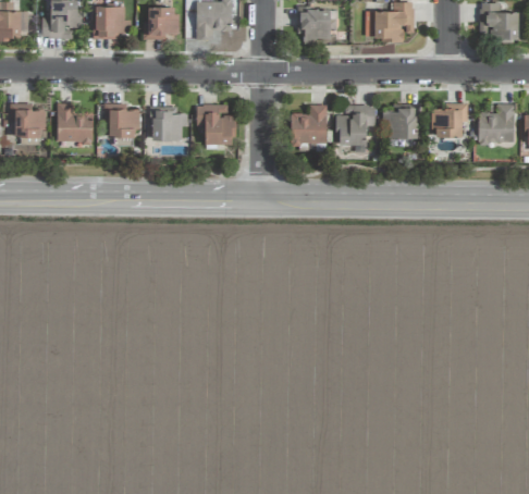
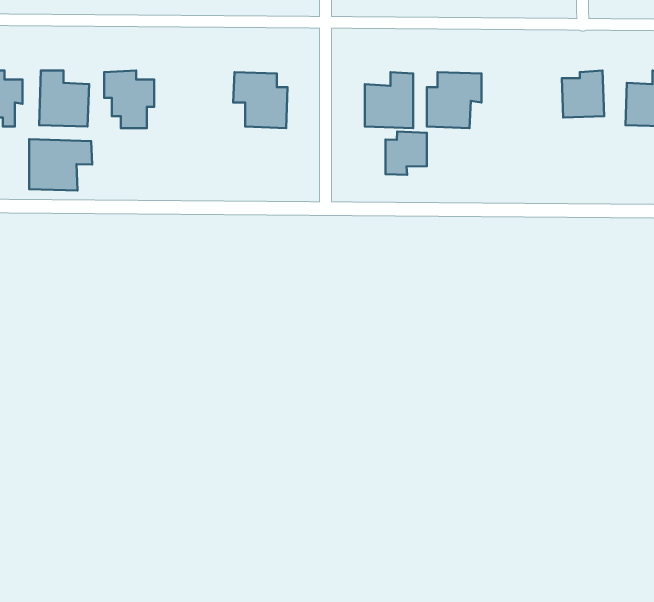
building: [389,106,418,138] -> none
building: [152,110,188,139] -> none
building: none -> [385,132,427,175]
building: none -> [29,139,92,191]

